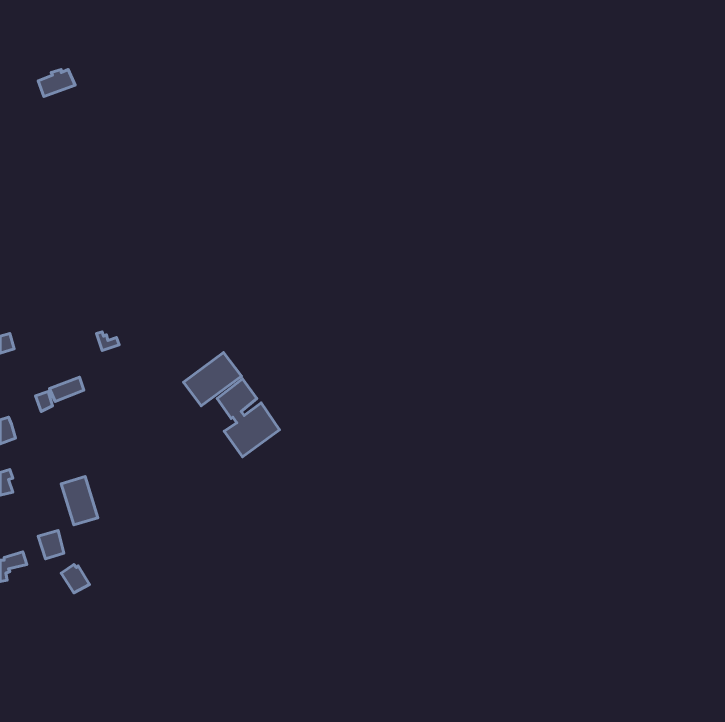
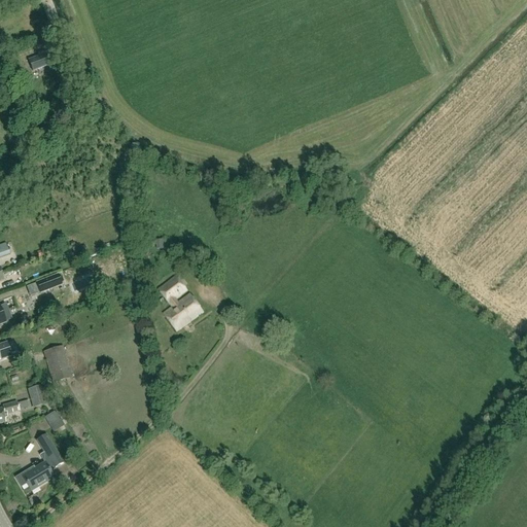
building: [183,353,242,406] -> none
building: none -> [14,433,63,490]

